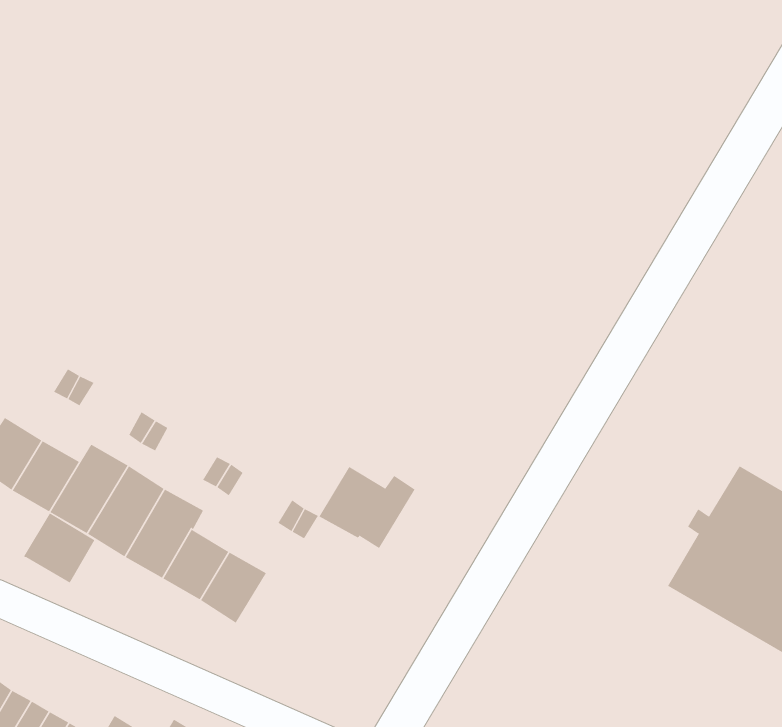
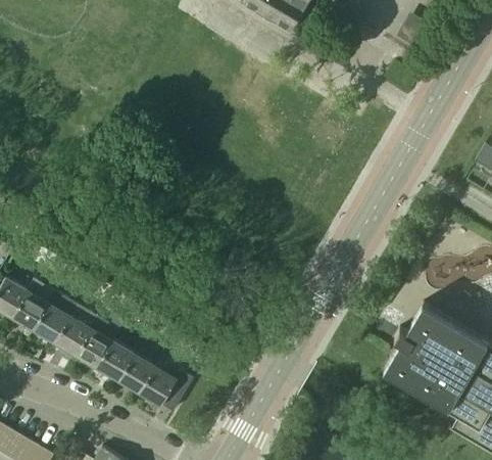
building: [318,466,415,549] -> [138,366,193,413]
building: [23,512,95,584] -> none

